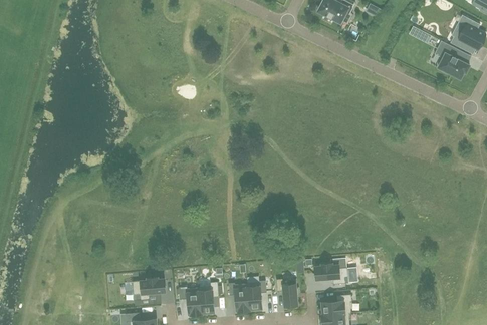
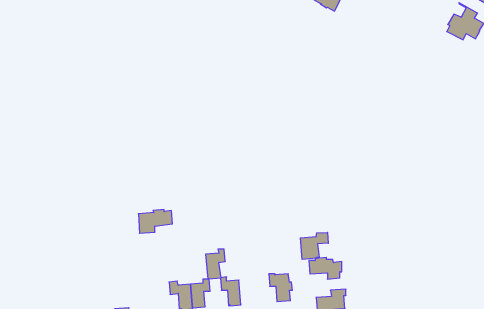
building: [435,40,469,78] -> none
building: none -> [300,232,328,259]
building: [133,277,166,300] -> [138,210,172,233]
building: [247,280,266,309] -> [206,249,225,279]

